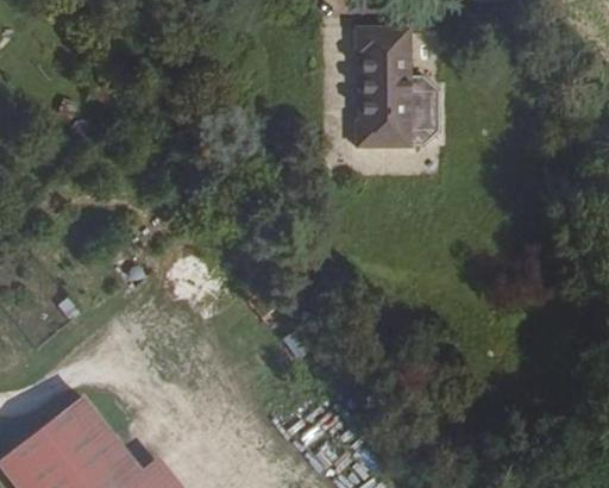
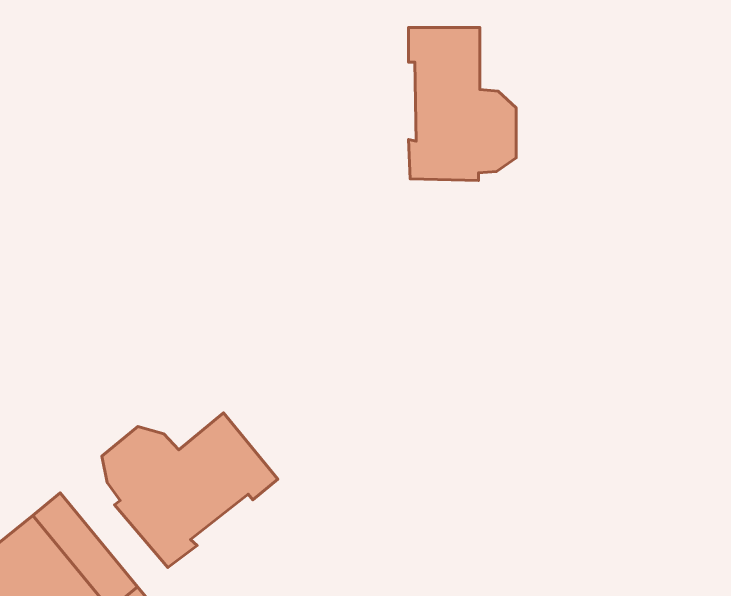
building: none -> [102,413,278,567]

